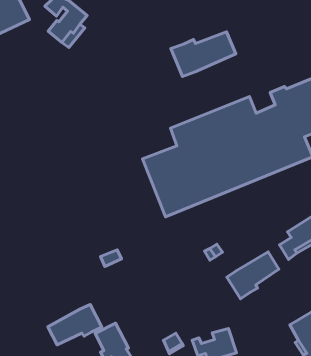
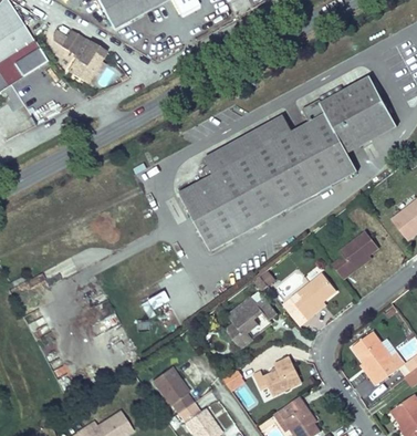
building: [171,32,236,76] -> none
building: none -> [225,298,275,347]
building: [48,304,102,345] -> none

